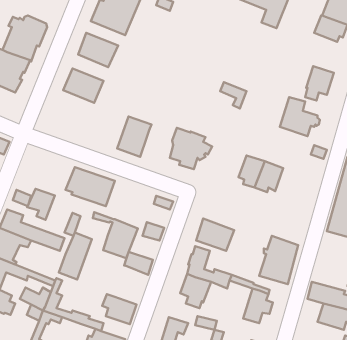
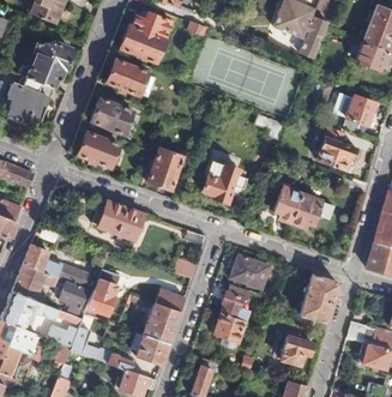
building: none -> [77,133,119,169]
building: [27,189,55,220] -> [59,281,88,313]
building: [93,212,138,258] -> [133,296,180,344]

